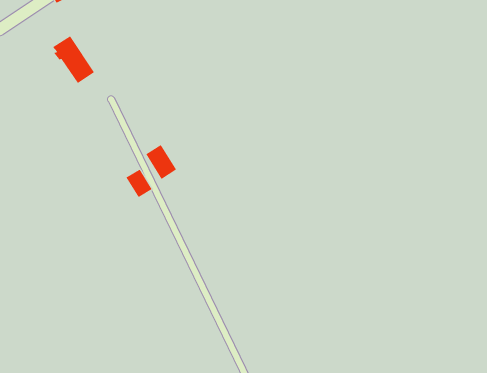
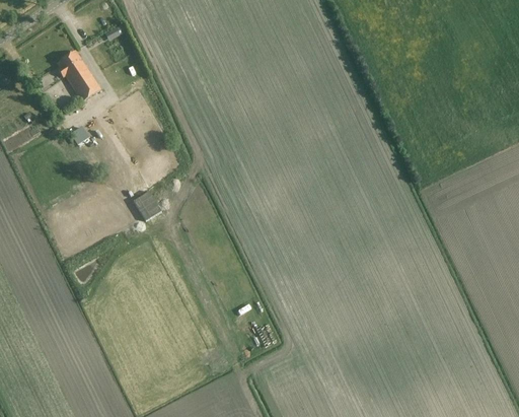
building: [146,144,177,180] -> none

